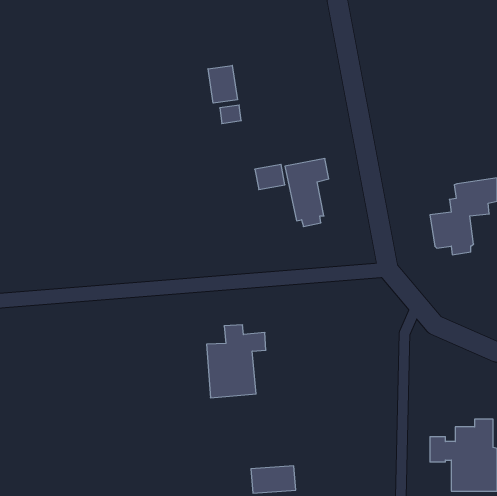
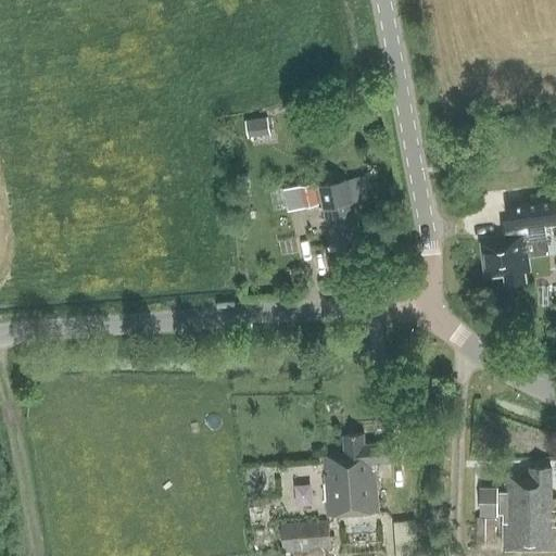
building: [208,65,237,103] -> none
building: [207,325,266,398] -> [323,435,389,517]

